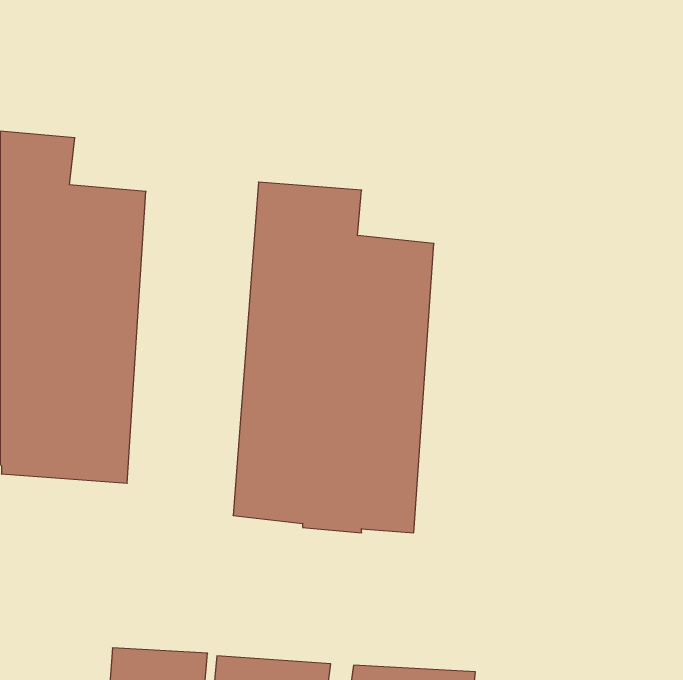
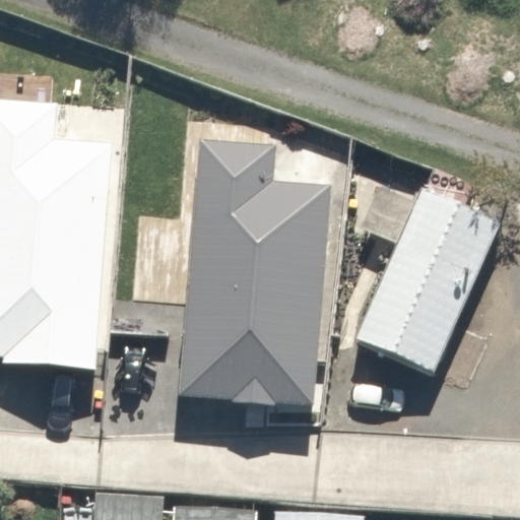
building: none -> [344,186,494,374]

